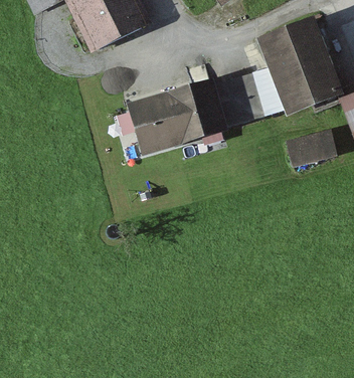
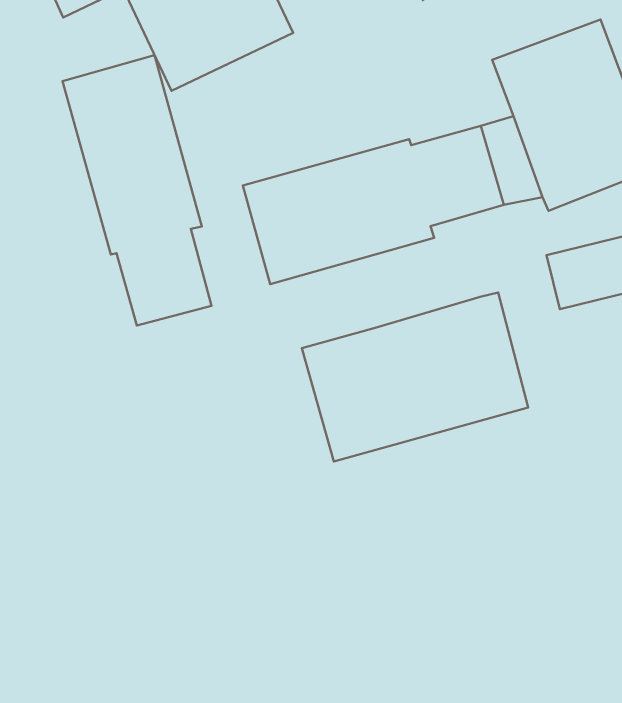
building: none -> [62,55,211,326]
building: none -> [302,293,528,462]

